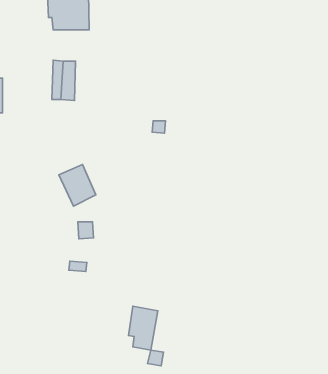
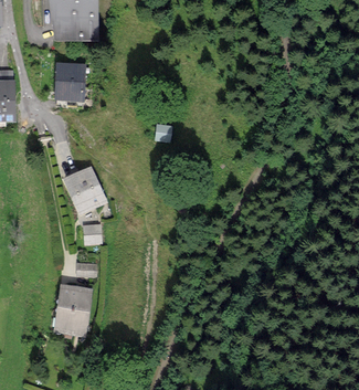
building: [128,306,158,350] -> [56,291,85,334]

